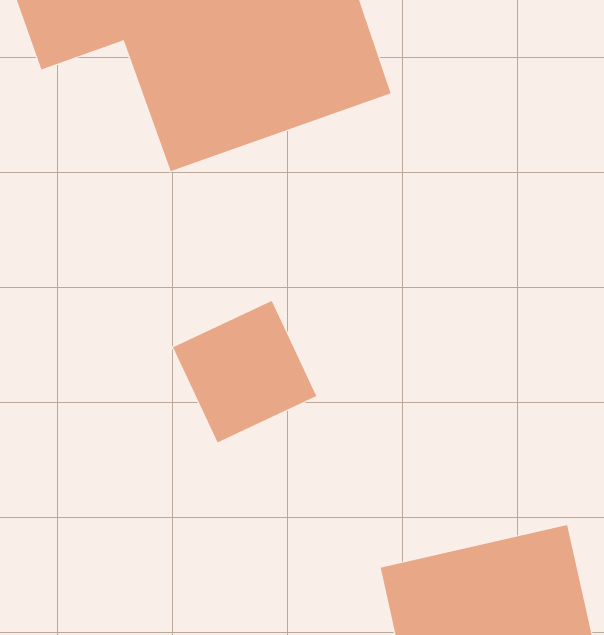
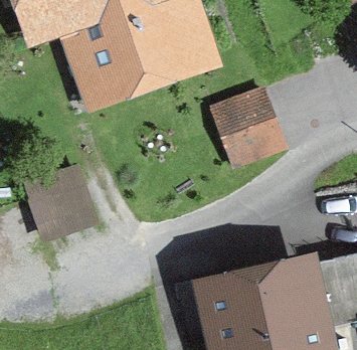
building: none -> [208,92,282,169]
building: [172,300,317,443] -> [26,159,101,232]

